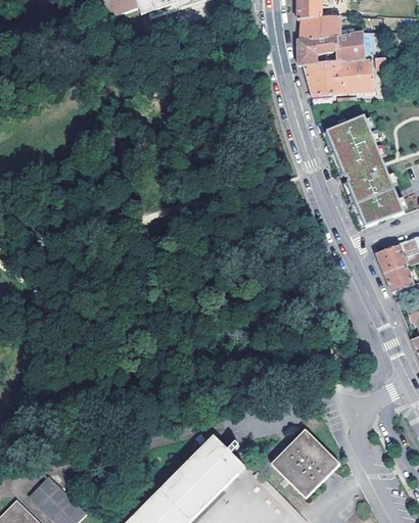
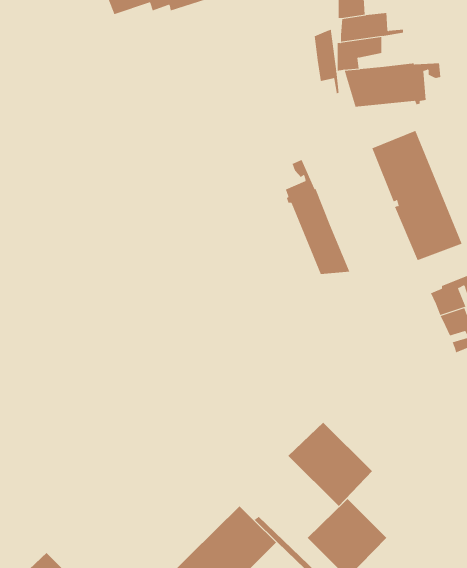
building: none -> [314,29,339,94]
building: [335,32,363,61] -> none
building: none -> [285,159,350,275]
building: none -> [288,422,373,507]

